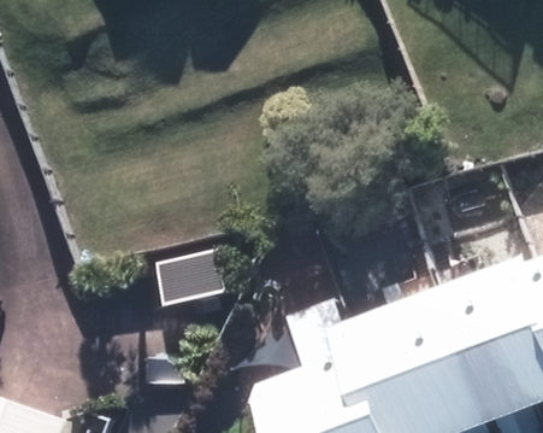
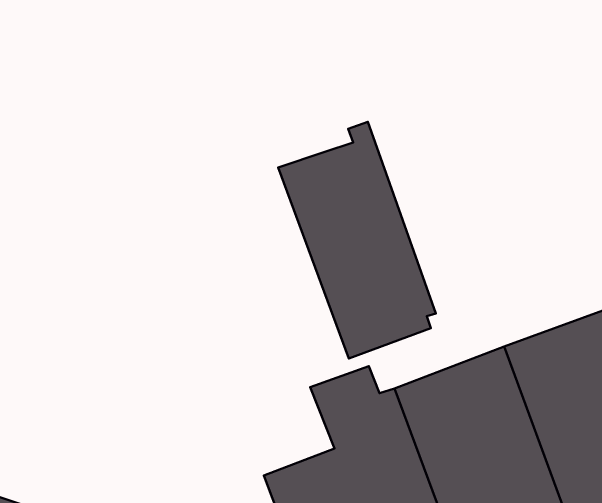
building: none -> [278,122,436,359]

